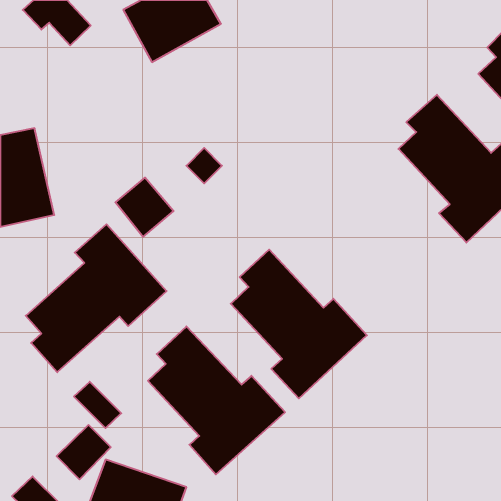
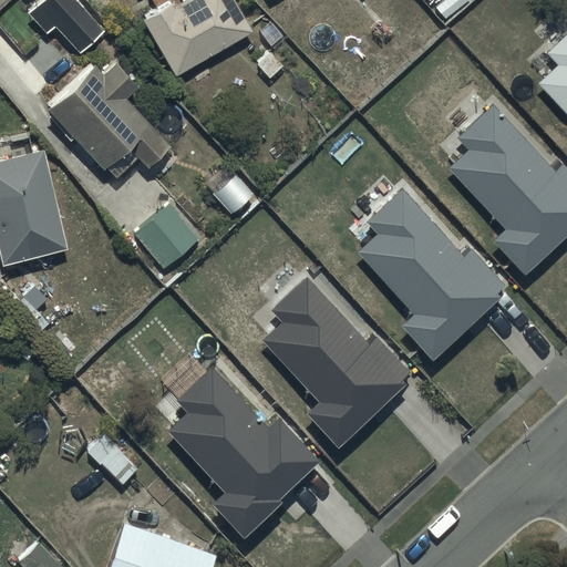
building: none -> [45,56,169,166]
building: none -> [359,193,512,359]
building: [26,224,167,372] -> none
building: [57,425,111,479] -> none

